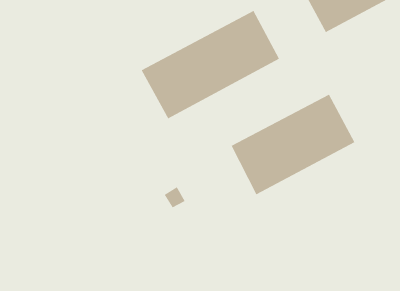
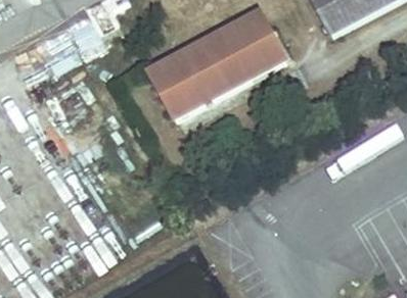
building: [231,94,355,195] -> none

